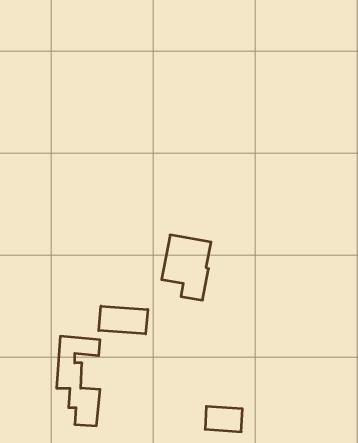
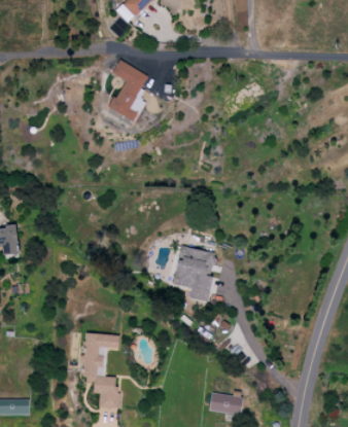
building: none -> [109,60,147,121]
building: [99,306,148,334] -> none

